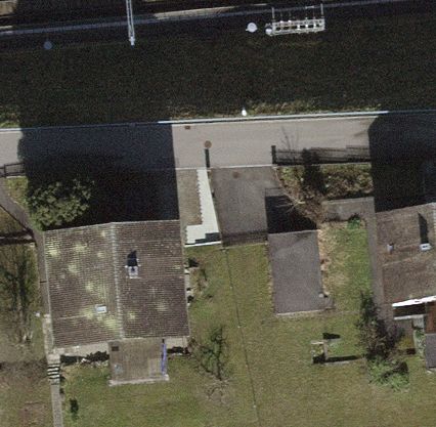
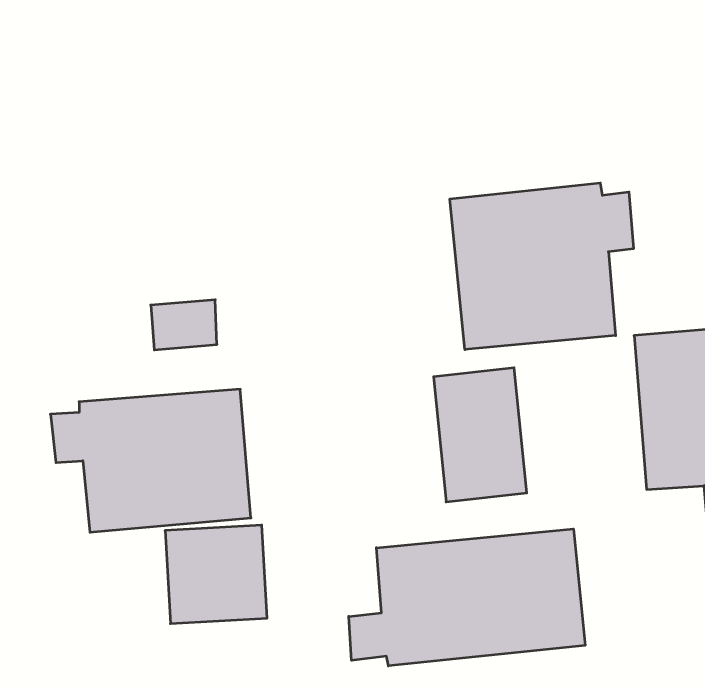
building: none -> [450,183,633,350]
building: none -> [349,529,585,666]

